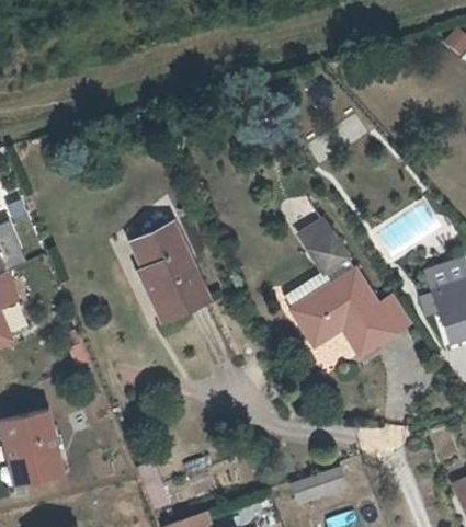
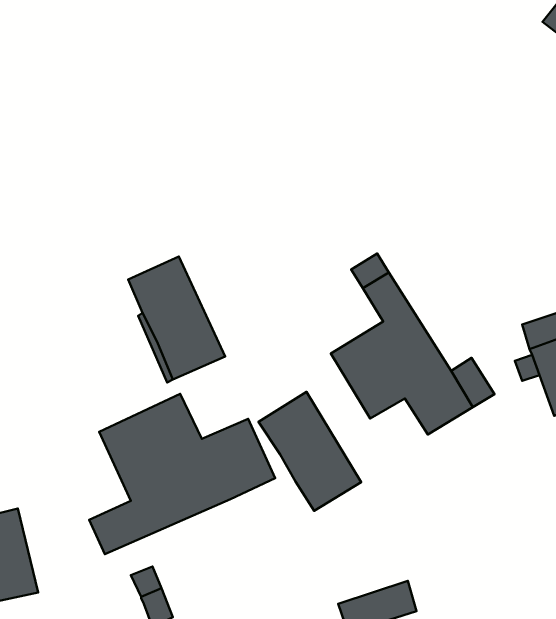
building: none -> [259,392,361,511]
building: none -> [89,394,275,554]

